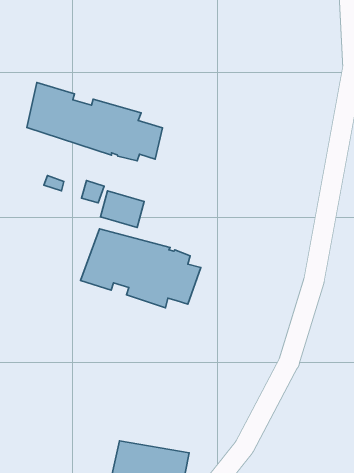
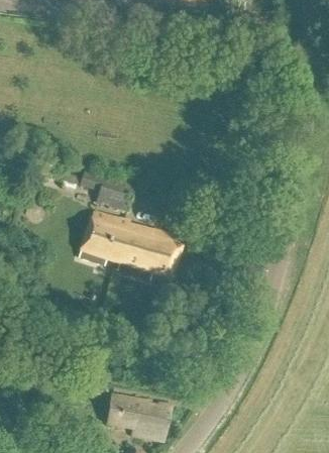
building: [27,83,163,161] -> none

